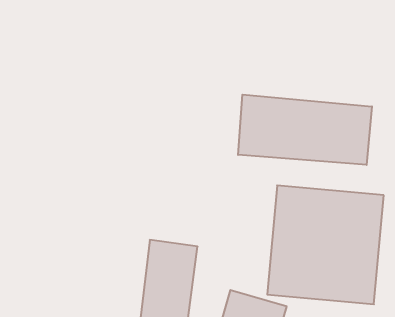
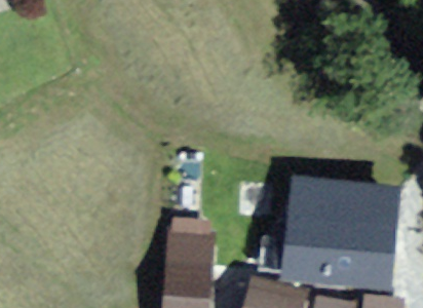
building: [238,95,372,165] -> none

